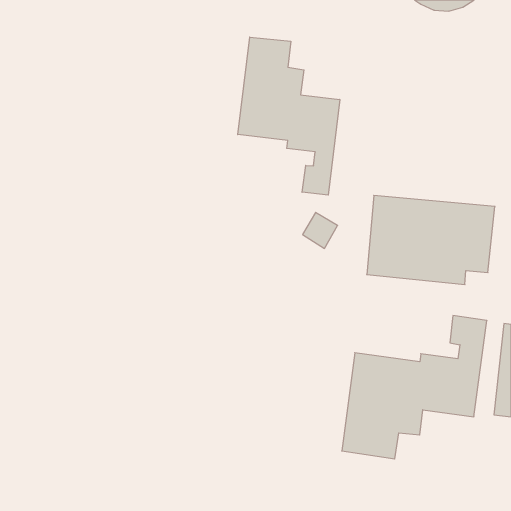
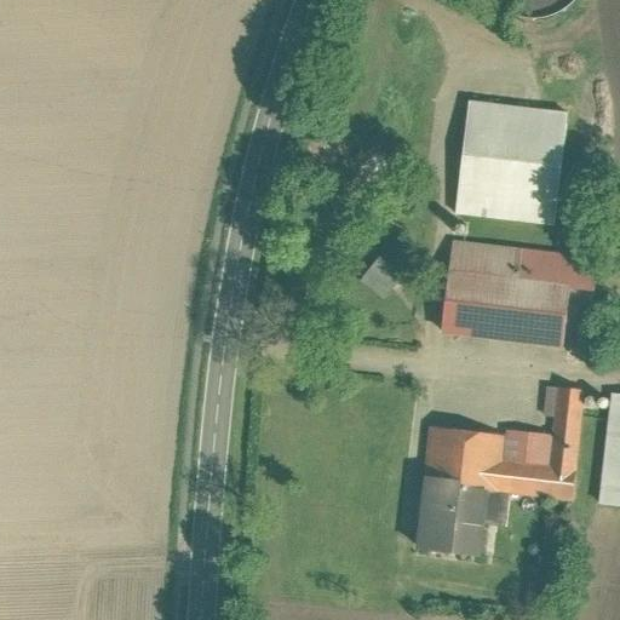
building: [238,37,340,195] -> none
building: none -> [455,101,568,222]

